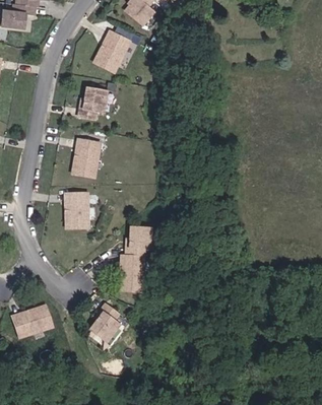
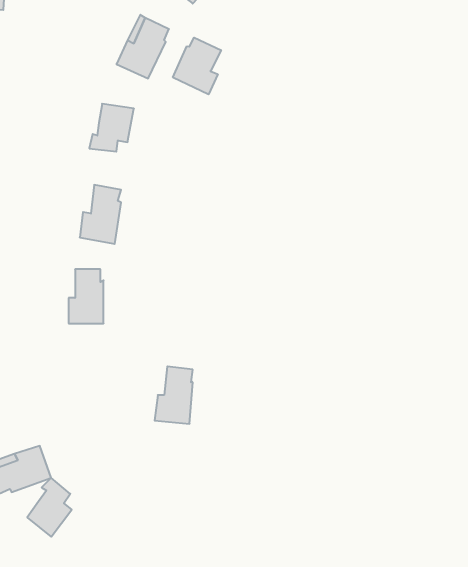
building: none -> [173,38,221,94]
building: [127,227,152,258] -> none
building: [90,305,119,342] -> [27,478,72,537]

